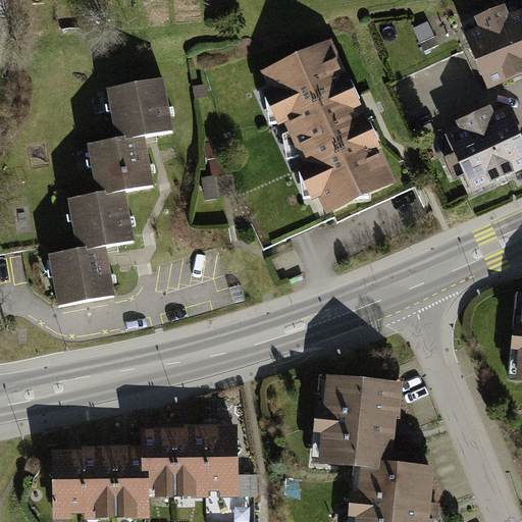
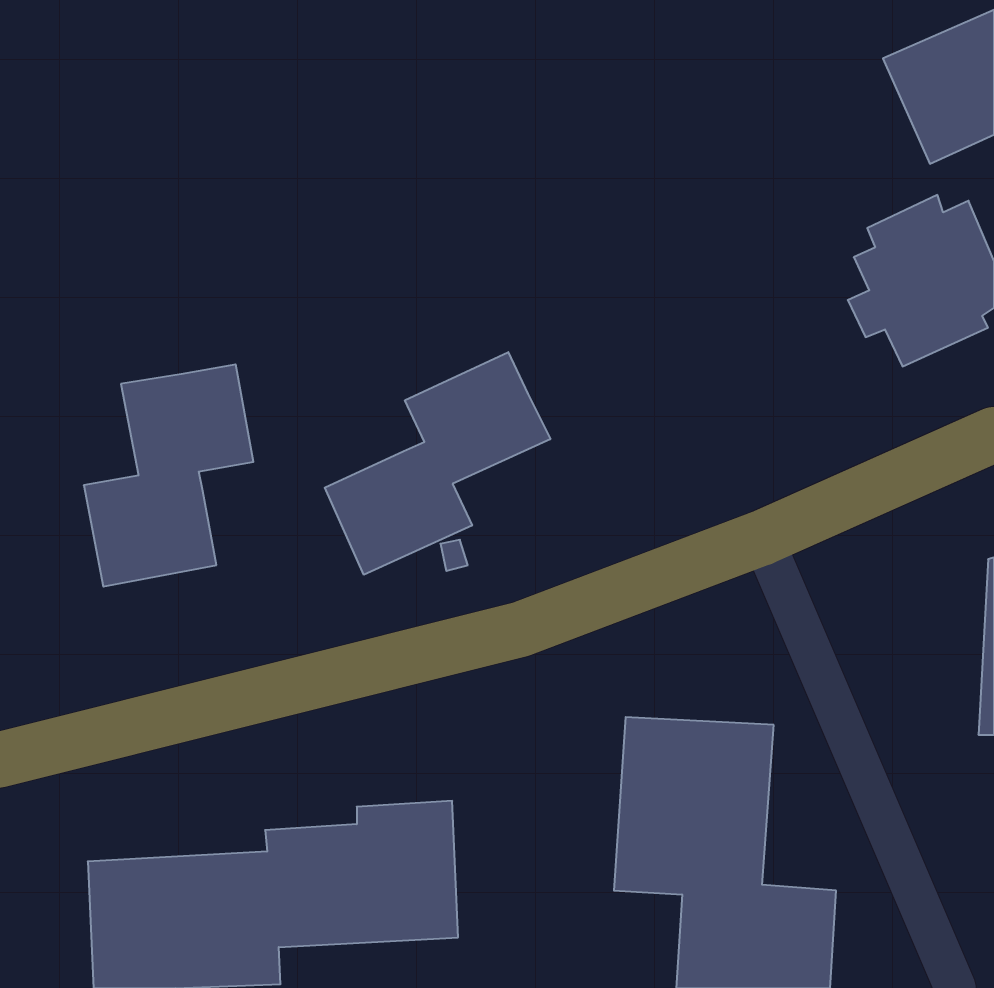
building: [260,39,400,218] -> none
building: [85,75,169,196] -> none
building: none -> [325,352,550,575]

